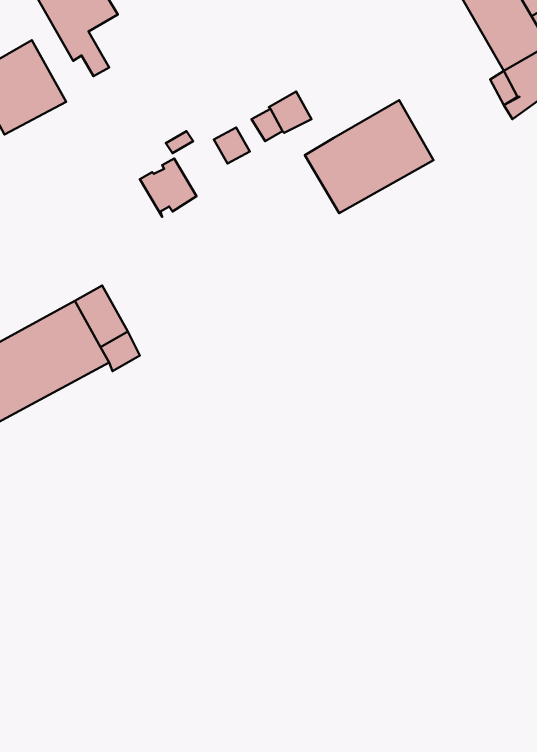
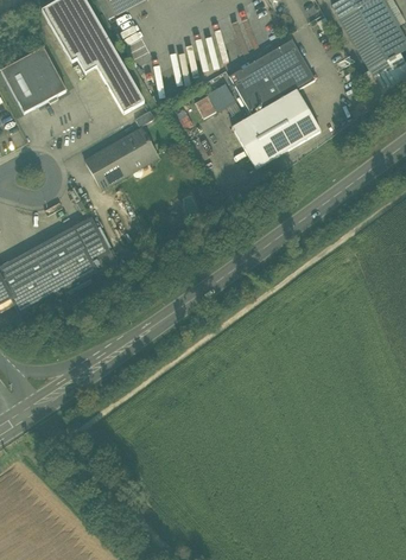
building: none -> [81,28,142,112]
building: none -> [228,38,313,114]
building: none -> [83,142,132,187]

